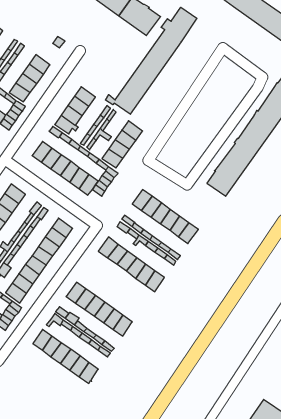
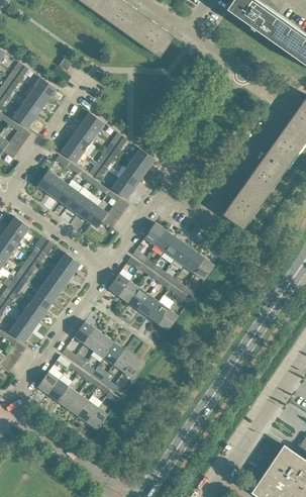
building: [105,7,197,114] -> none

